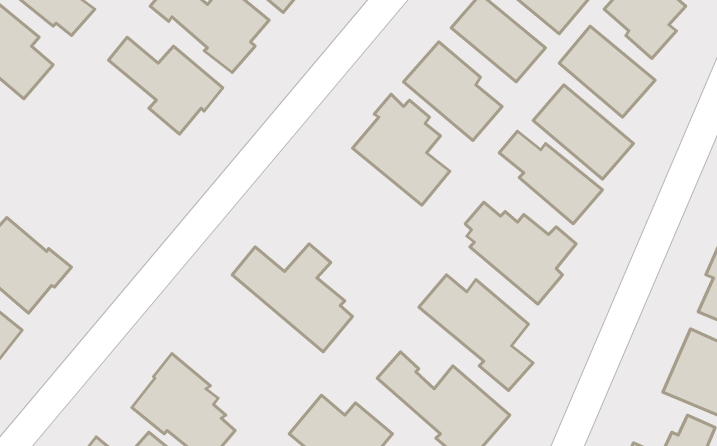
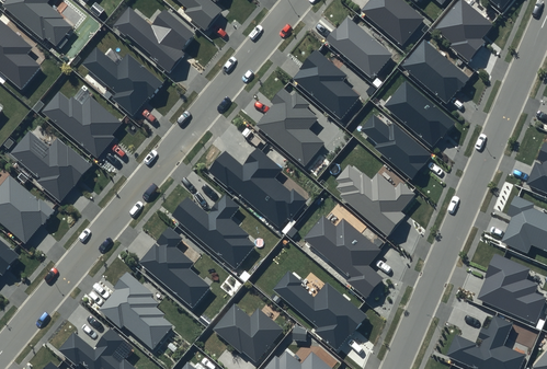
building: none -> [42,92,122,158]
building: none -> [10,130,90,201]
building: none -> [208,147,308,227]
building: none -> [137,226,210,309]

